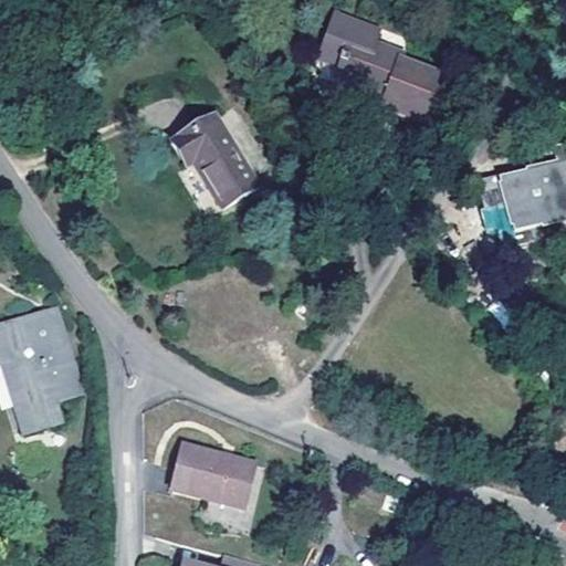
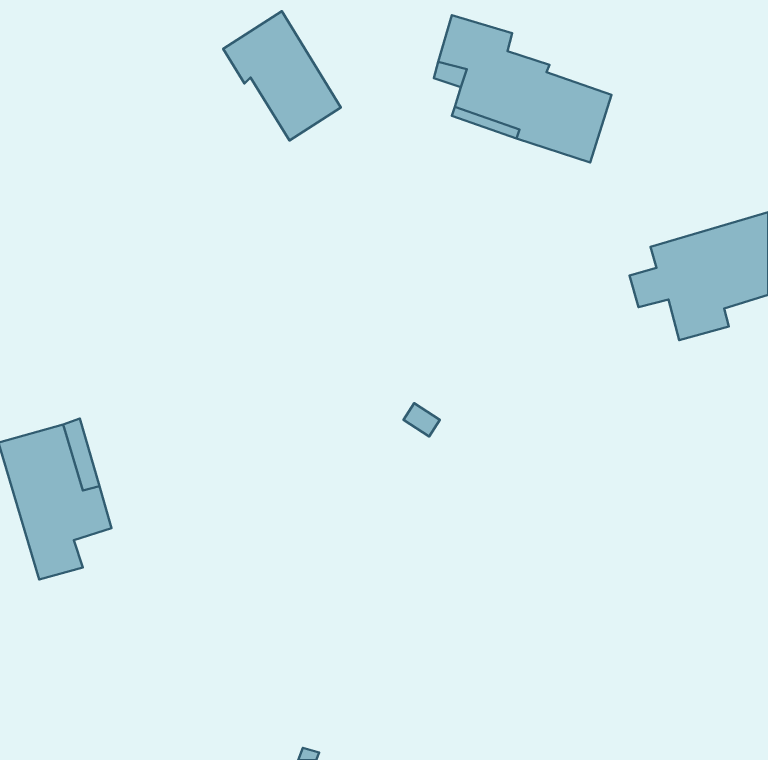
building: [171,111,258,206] -> [223,11,341,141]
building: [172,442,252,503] -> none

